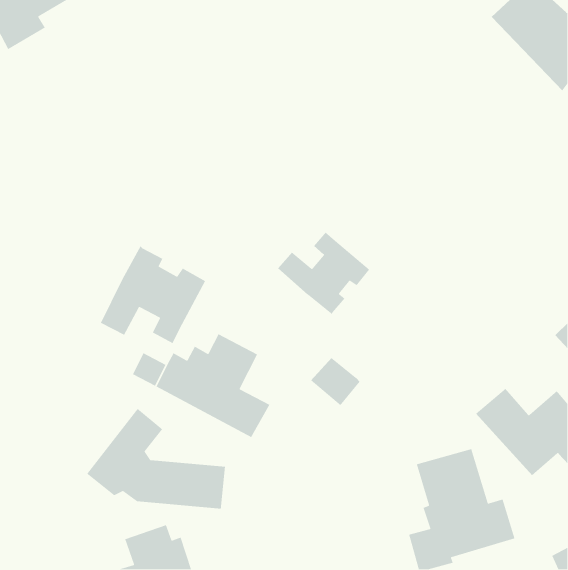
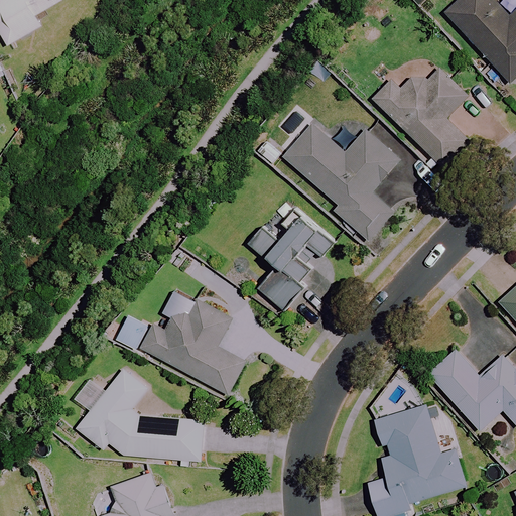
building: none -> [371,69,470,165]
building: none -> [283,124,398,239]
building: [100,245,206,344] -> none
building: [310,357,360,406] -> [258,266,303,310]

